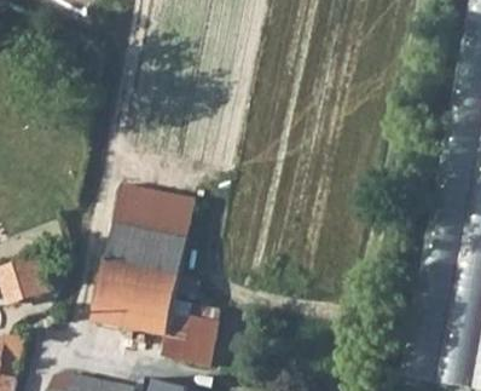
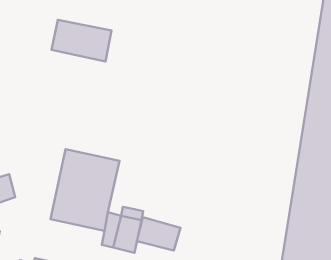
building: [115,184,197,241] -> [52,20,112,61]
building: none -> [137,217,180,251]

